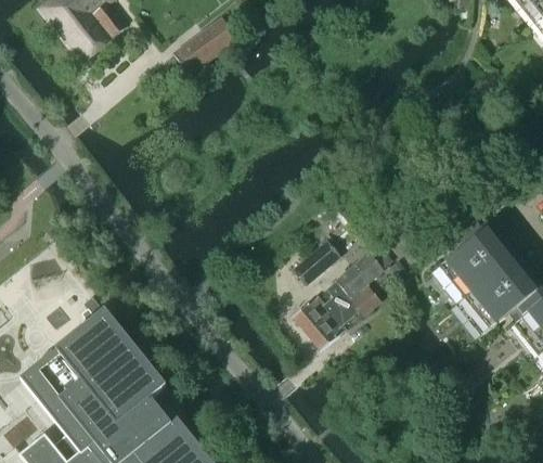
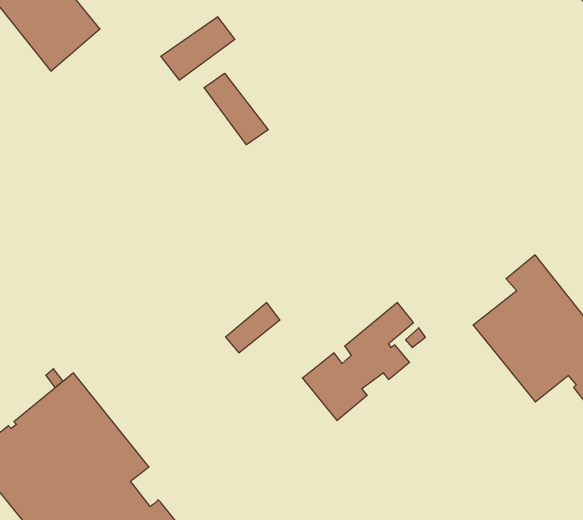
building: none -> [204,73,268,145]
building: [295,241,339,282] -> [226,303,280,353]

